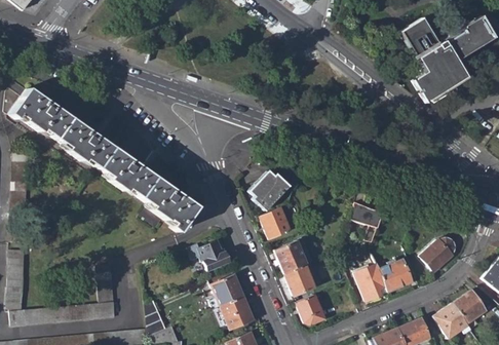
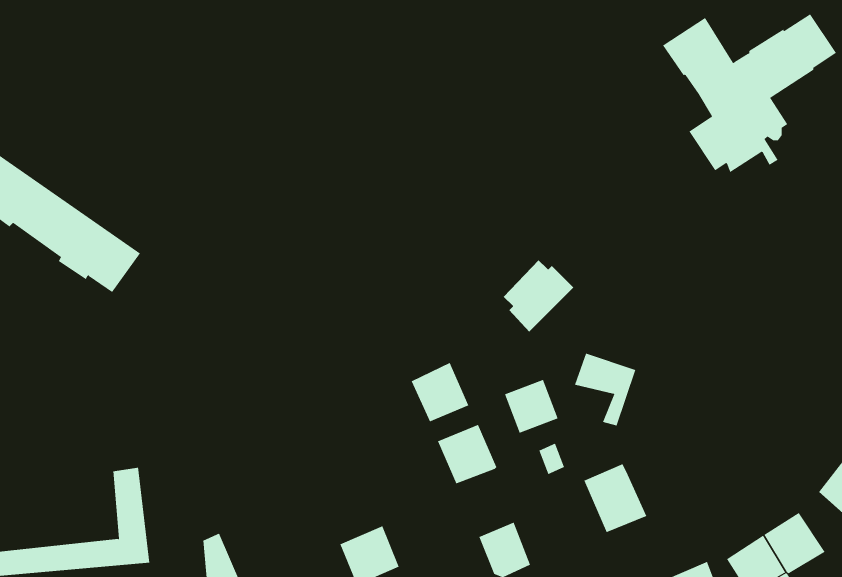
building: [95,147,195,232] -> none
building: [250,169,289,209] -> [503,259,574,333]
building: [187,240,229,270] -> none
building: [420,240,455,272] -> none
building: [378,258,411,291] -> none
building: [283,265,313,295] -> [504,379,558,434]
building: [210,274,243,306] -> none

